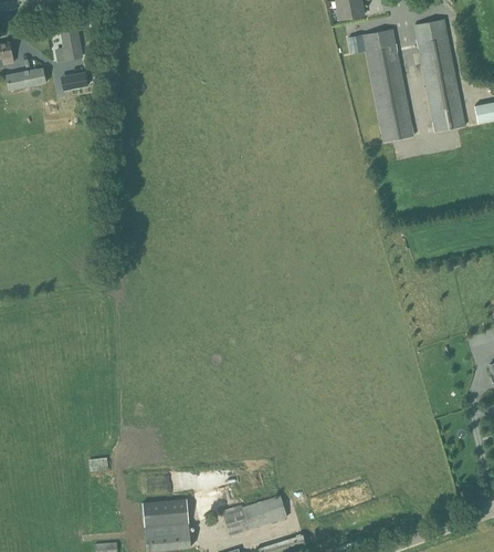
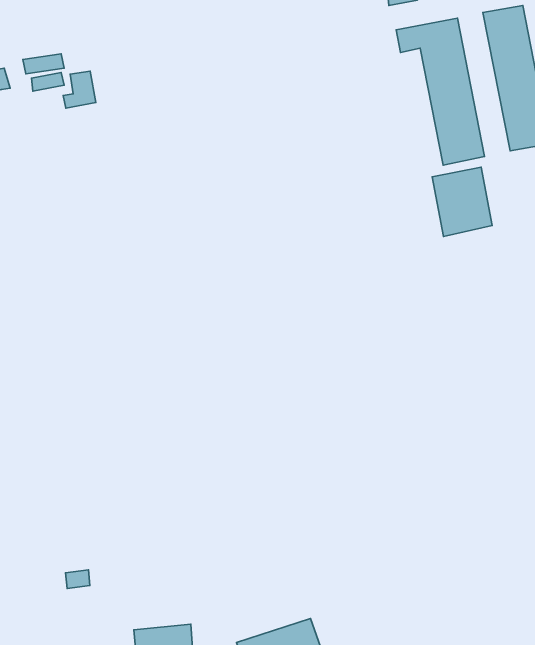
building: [57,30,83,59] -> [63,71,96,108]
building: none -> [432,167,492,237]

